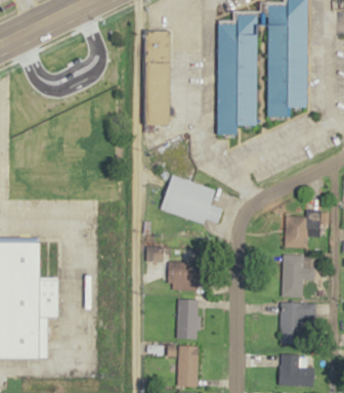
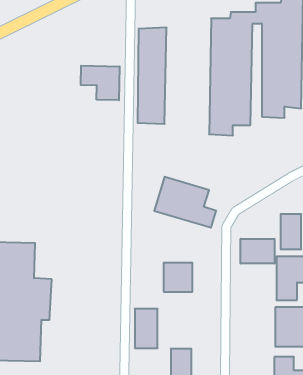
building: none -> [81,66,120,100]
building: none -> [241,239,274,264]
building: [176,300,199,339] -> [135,309,158,348]

